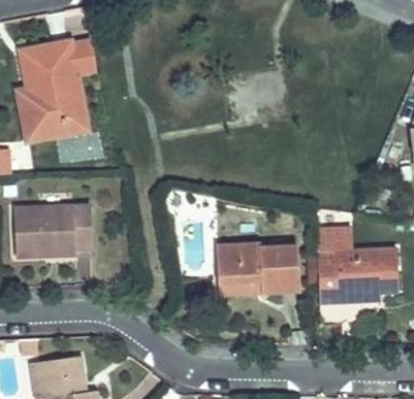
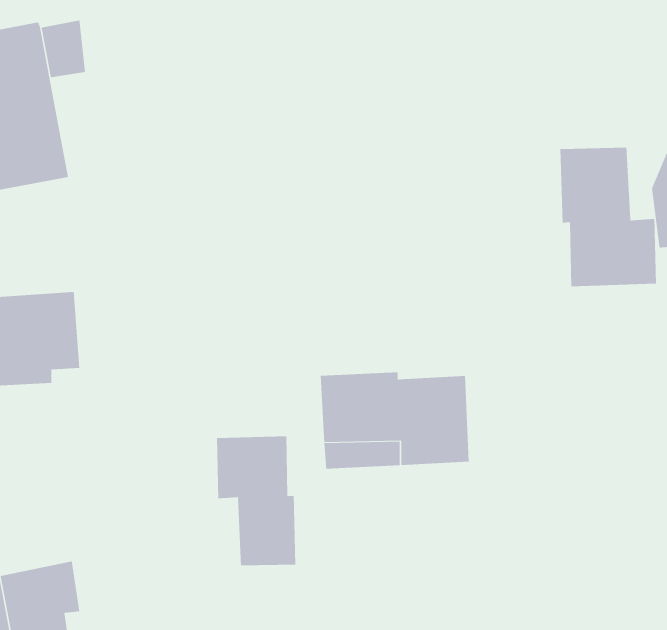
building: none -> [560,147,657,287]
building: [319,228,401,331] -> none
building: none -> [217,435,296,566]

